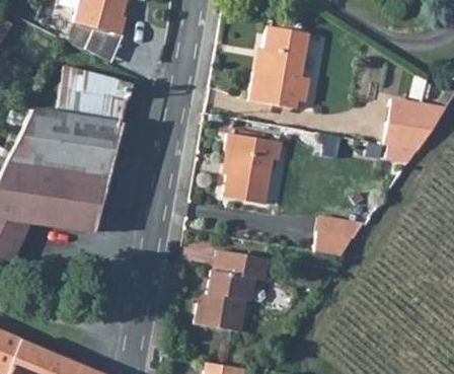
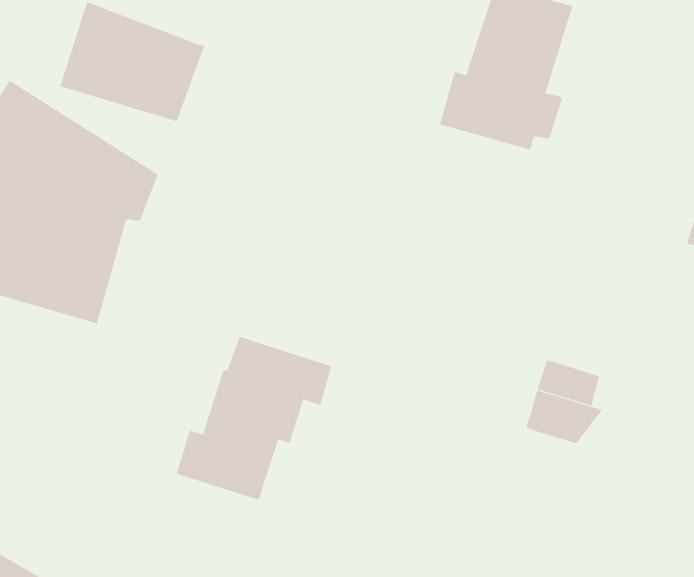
building: [27,105,117,147] -> none
building: [224,136,282,206] -> none
building: [197,251,270,334] -> [176,336,332,500]

